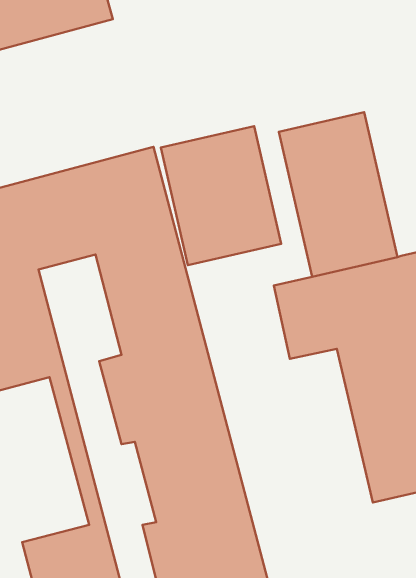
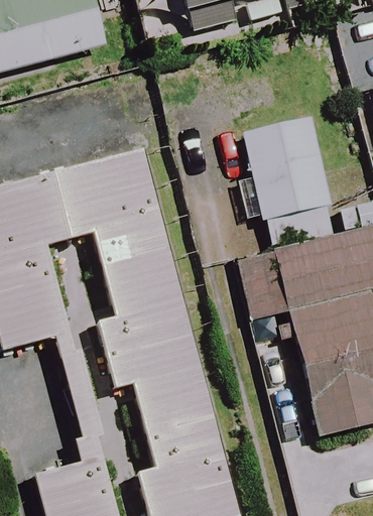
building: [161,126,281,265] -> none

